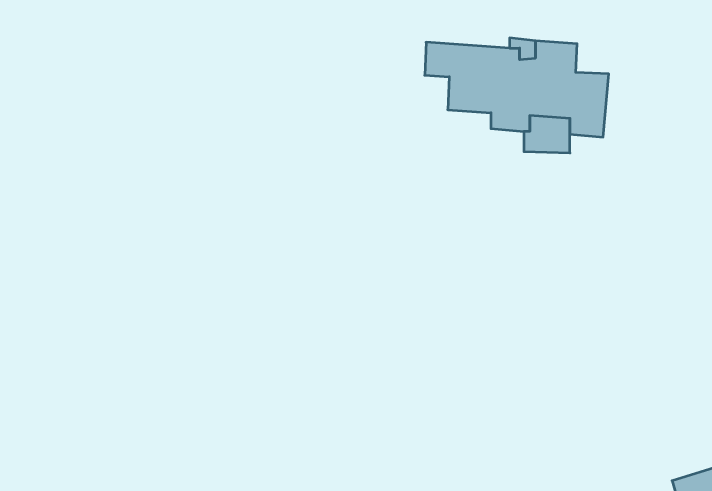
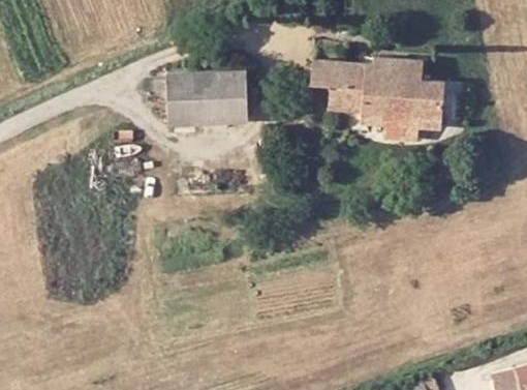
building: none -> [166,72,246,124]

